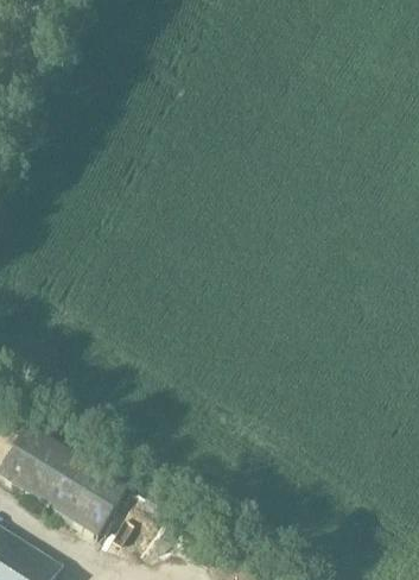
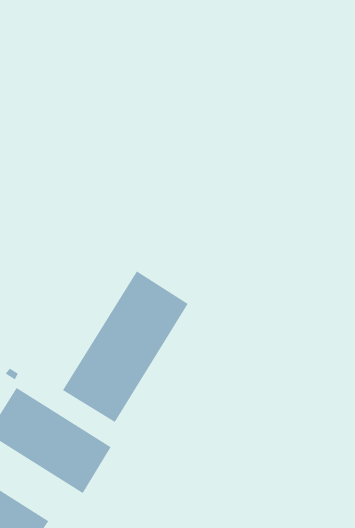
building: none -> [62,270,189,423]

